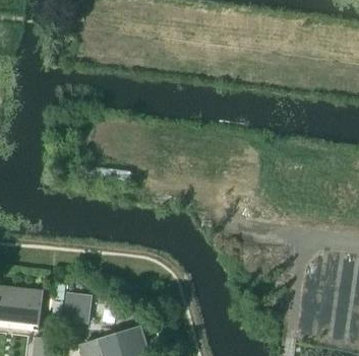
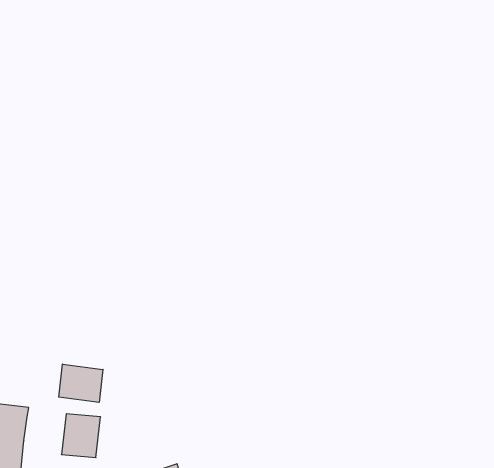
building: none -> [59,364,103,402]

